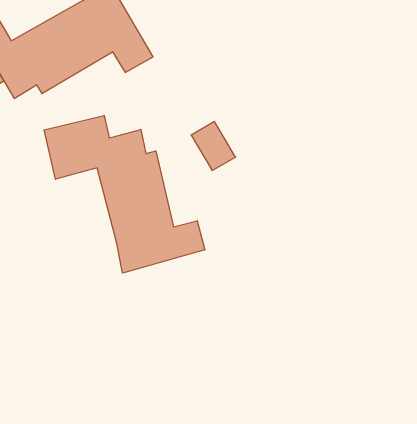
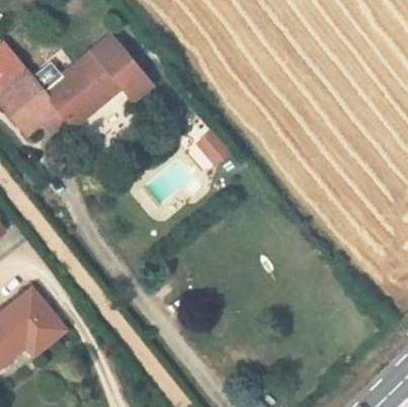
building: [44,115,205,273] -> none

